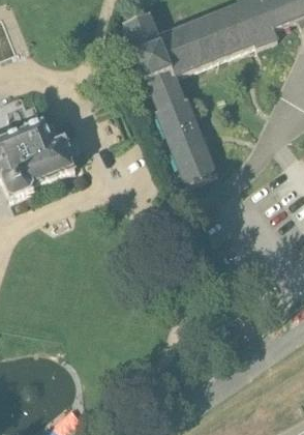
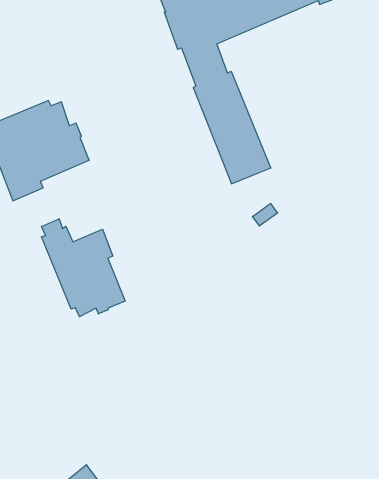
building: none -> [41,219,125,317]

